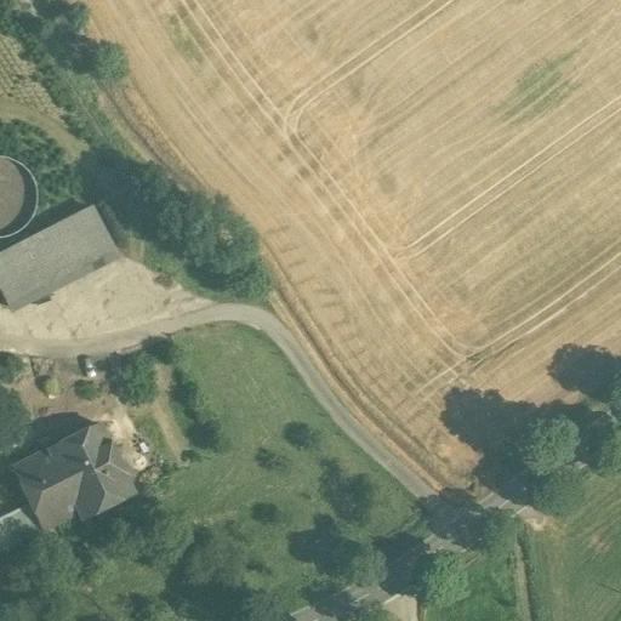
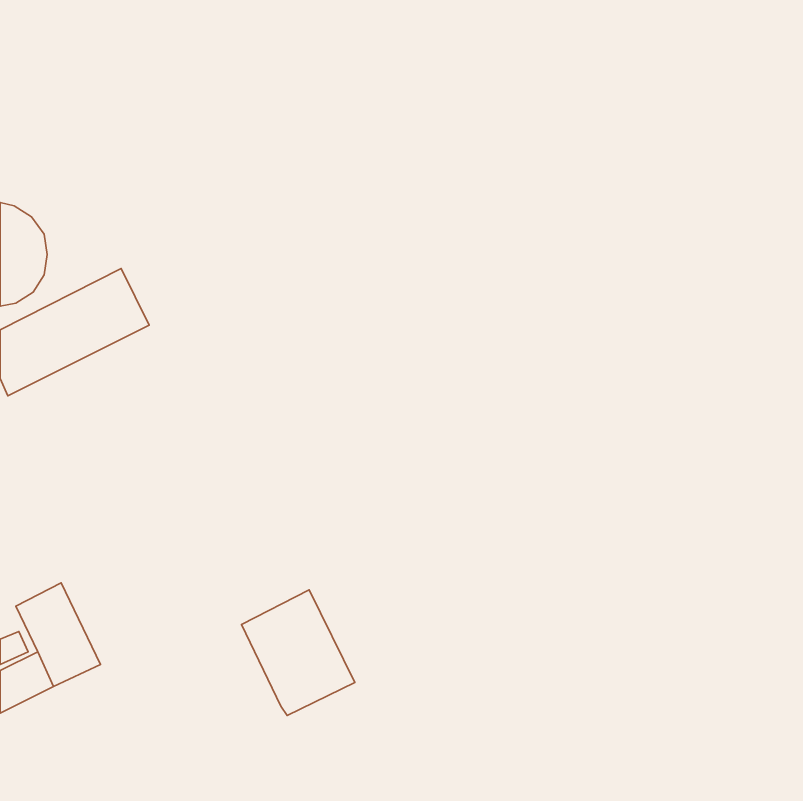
building: [47,423,135,520] -> [242,590,355,716]

